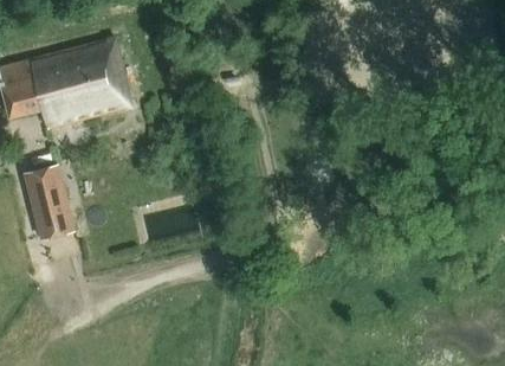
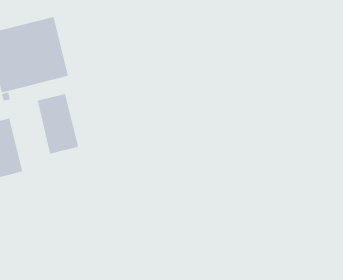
building: none -> [37,93,79,155]

